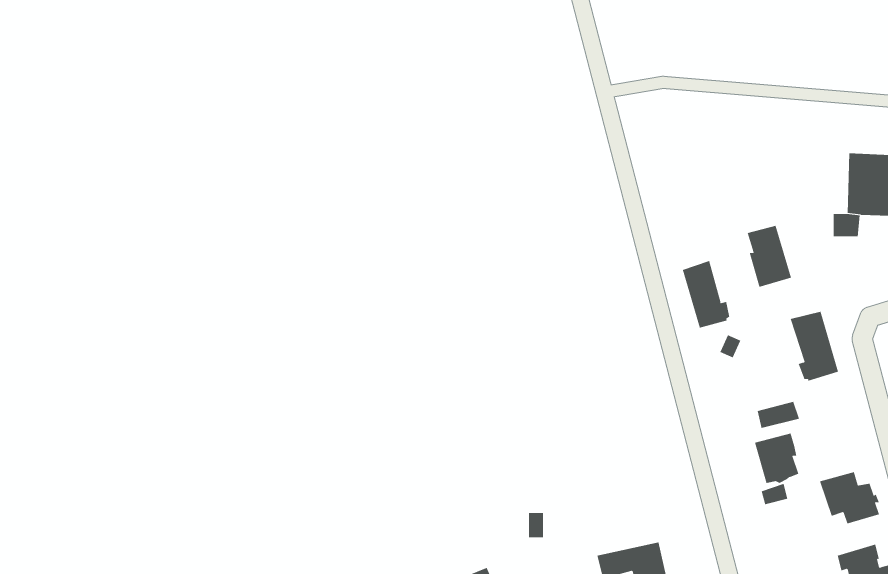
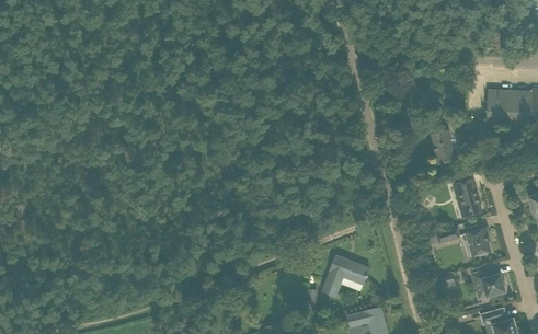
building: [682,260,730,328] -> none
building: [754,433,799,484] -> [466,227,491,255]
building: none -> [322,255,369,296]

